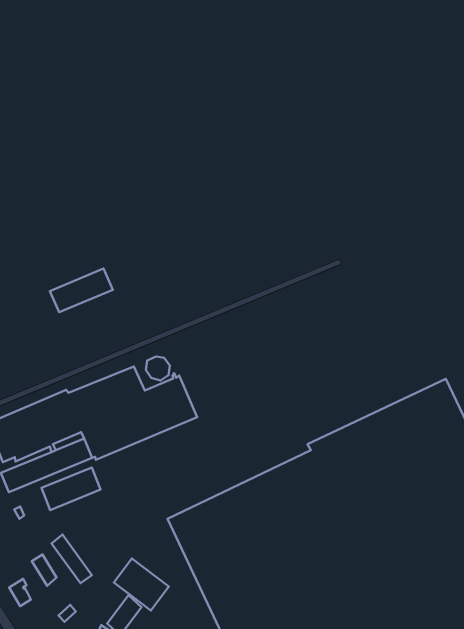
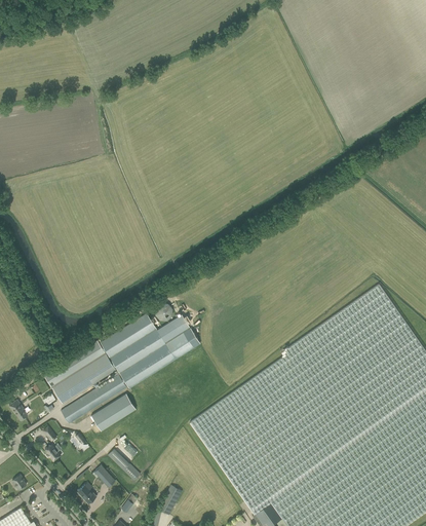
building: [50,268,113,312] -> none
building: [114,558,169,611] -> none

